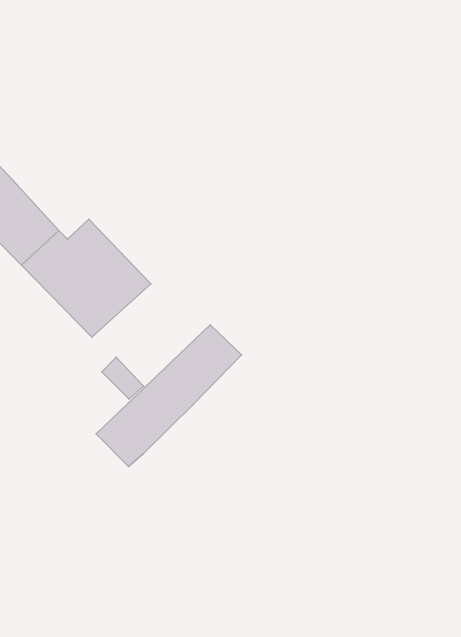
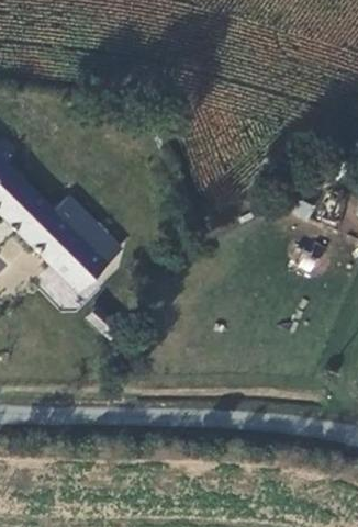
building: [96,325,241,467] -> none

